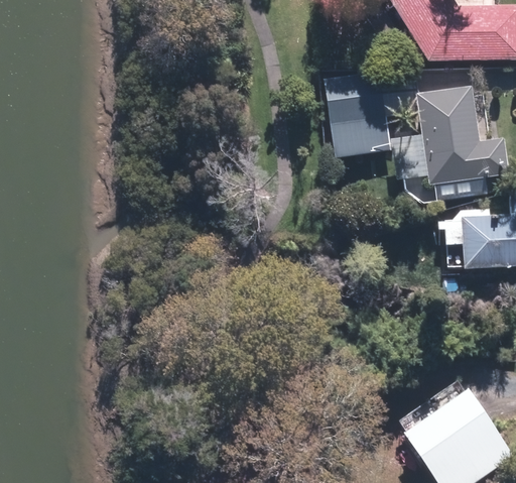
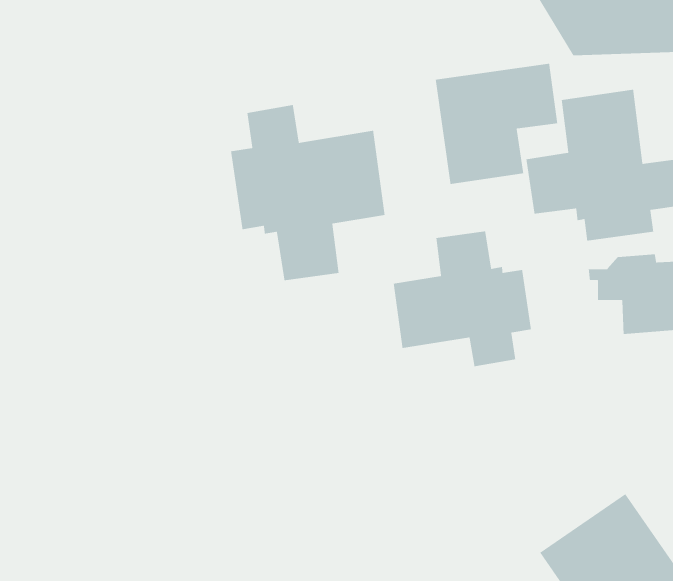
building: none -> [230,104,386,281]
building: none -> [393,230,532,367]

